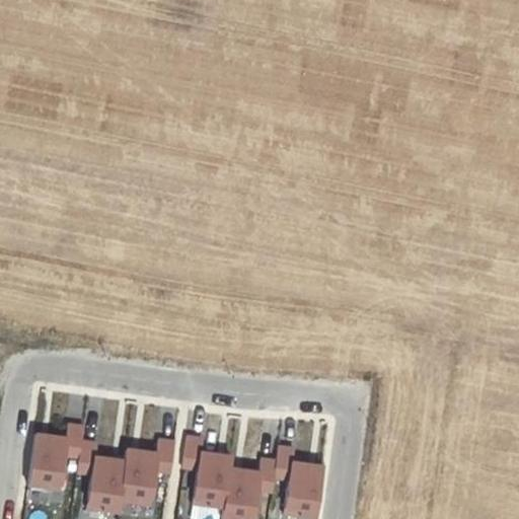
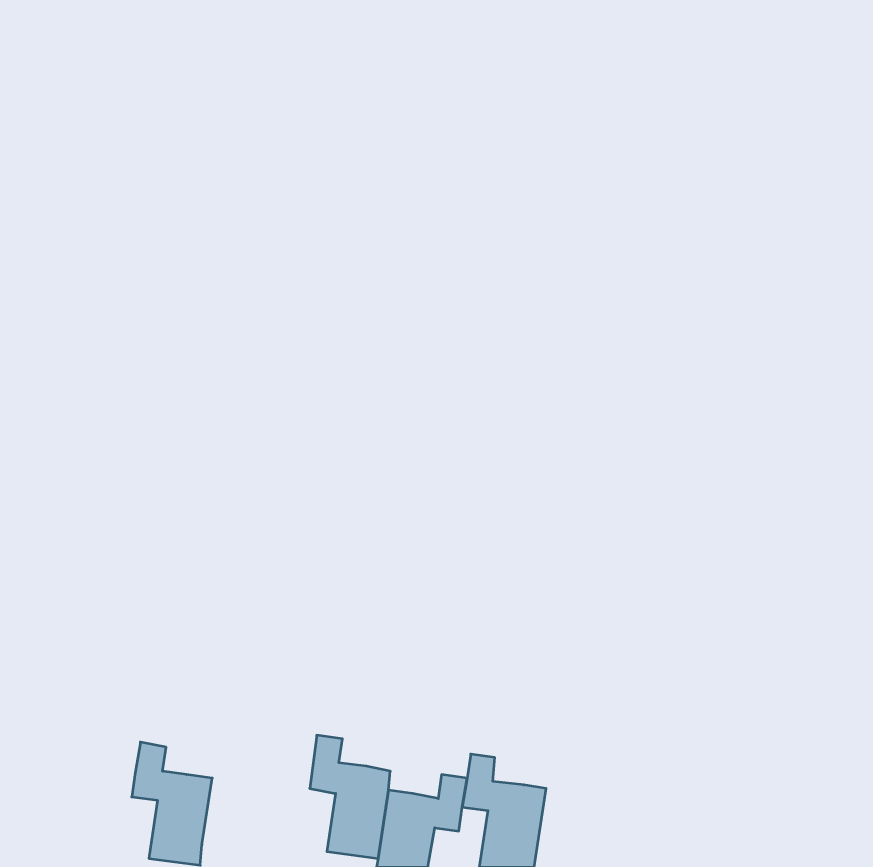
building: [29,425,85,490] -> none
building: [120,440,175,506] -> none

